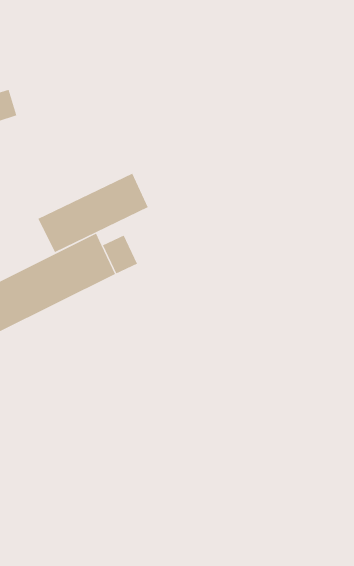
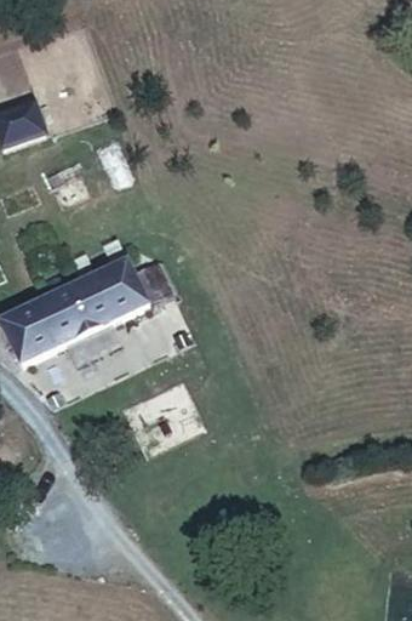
building: [38,173,149,253] -> none

